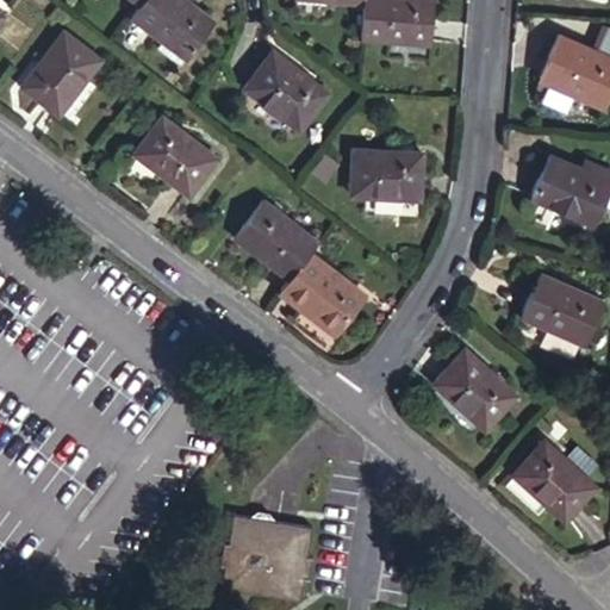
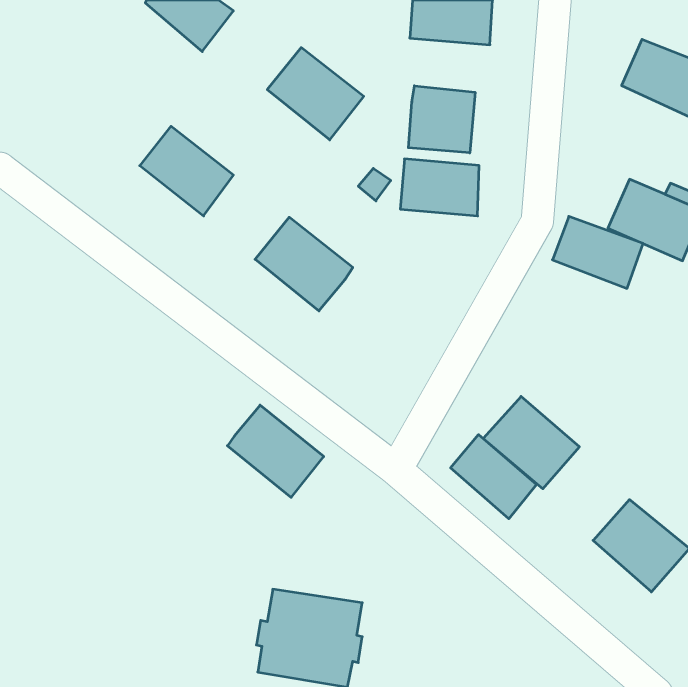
building: [18,29,93,108] -> none
building: none -> [408,86,475,153]
building: [279,251,363,332] -> [227,405,324,497]
building: [522,279,602,342] -> [552,216,643,288]
building: none -> [451,435,536,519]

